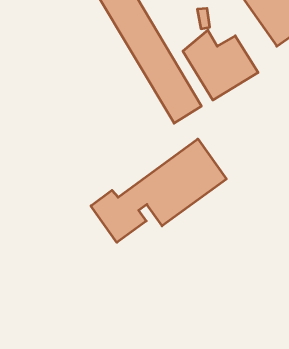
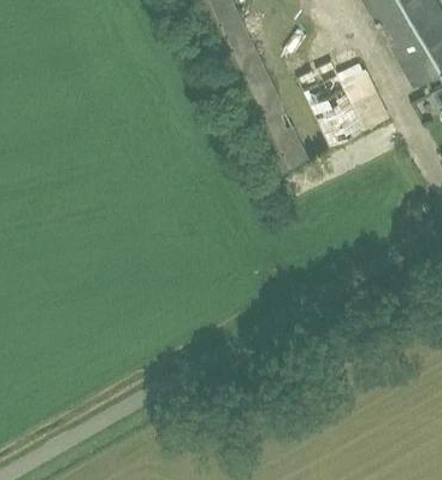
building: [91,139,226,242] -> none

